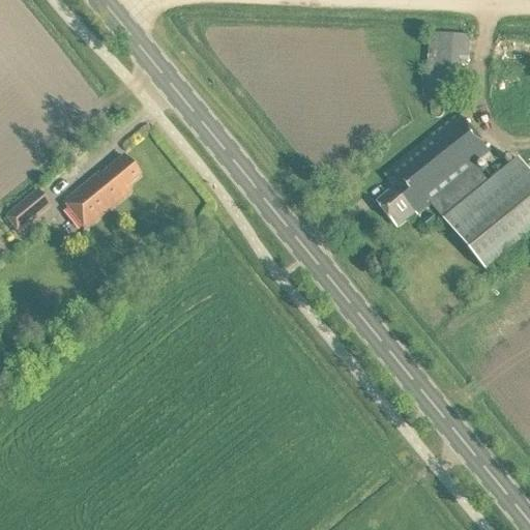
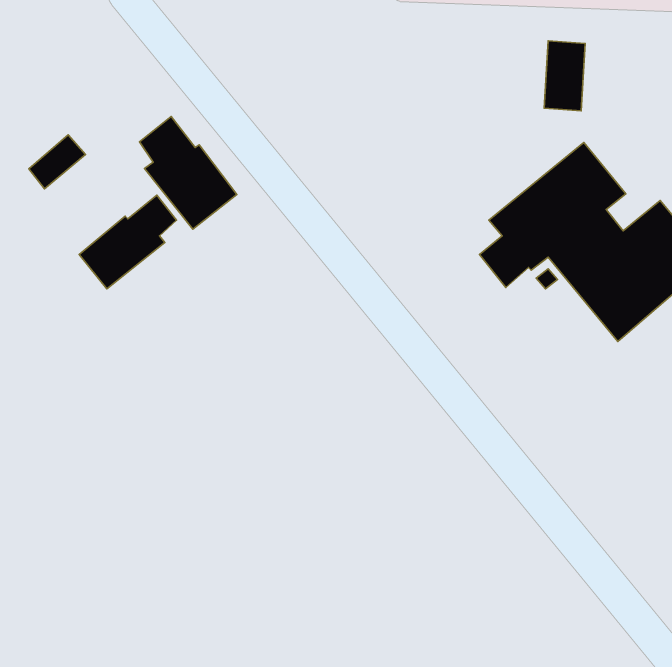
building: none -> [140,116,237,229]
building: [5,187,50,230] -> [29,135,85,189]

